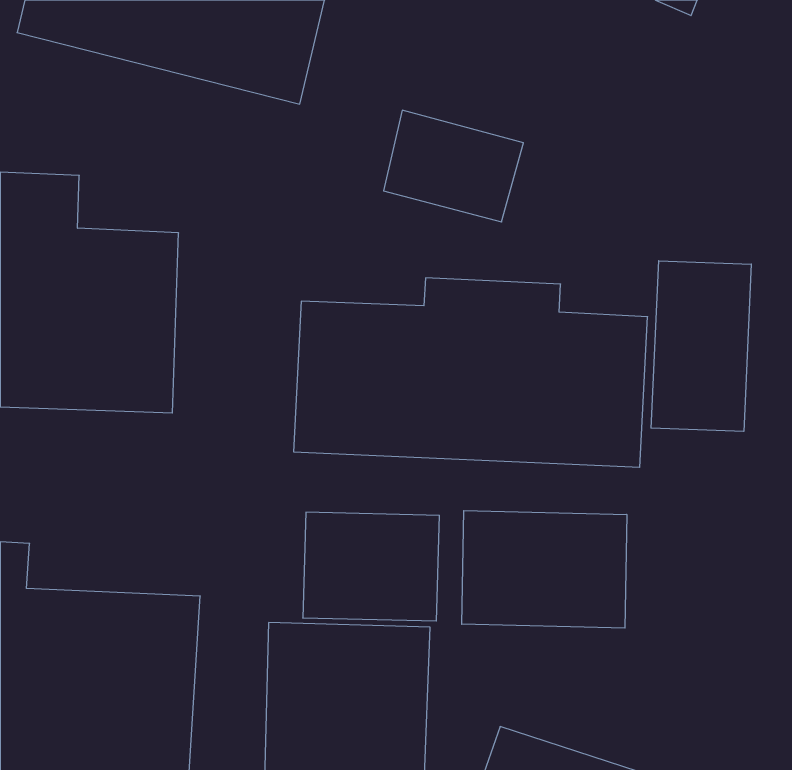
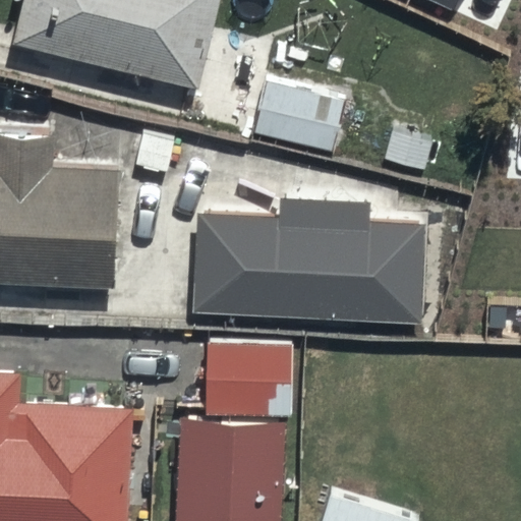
building: [651,261,751,431] -> none
building: [462,511,627,628] -> none

